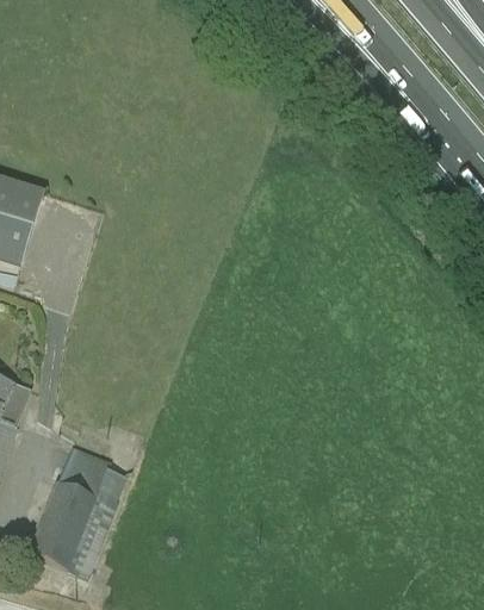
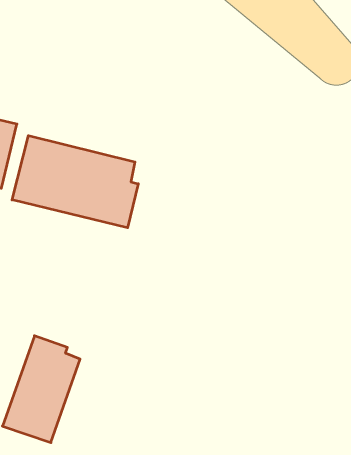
building: none -> [12,136,138,228]

